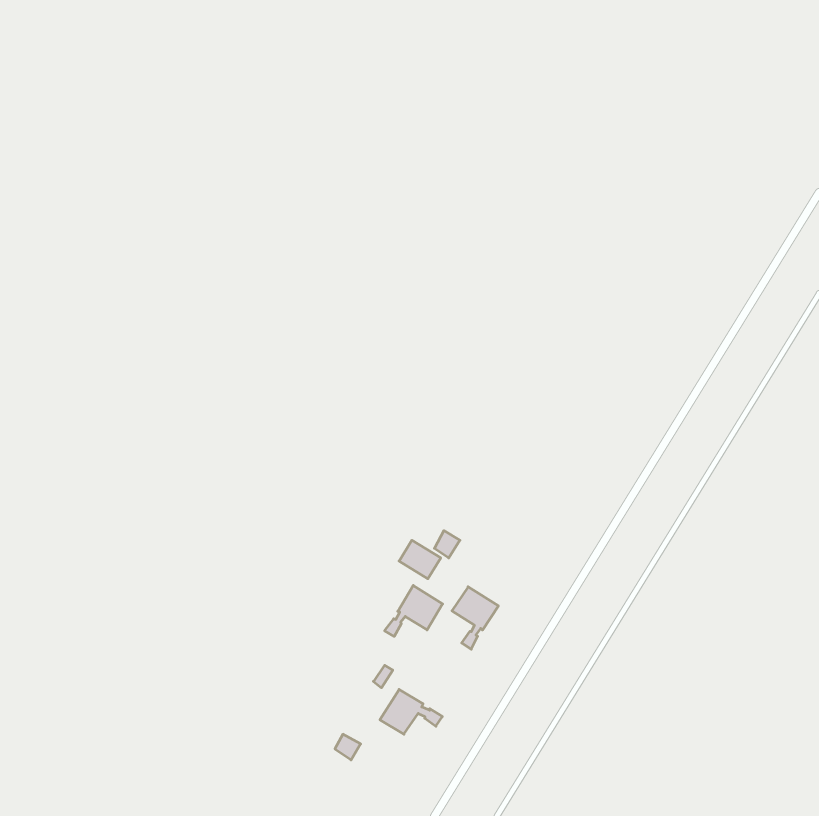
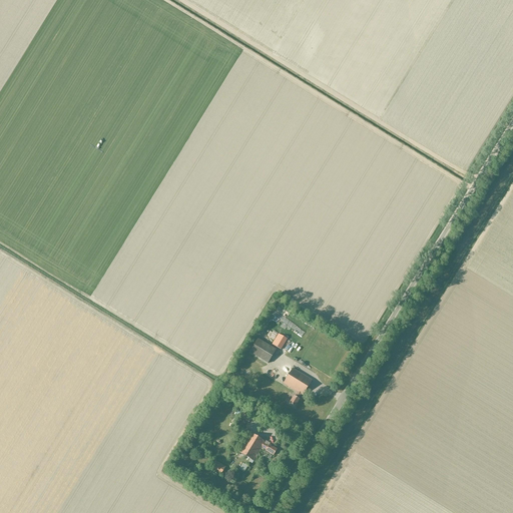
building: [385,585,443,636] -> none

